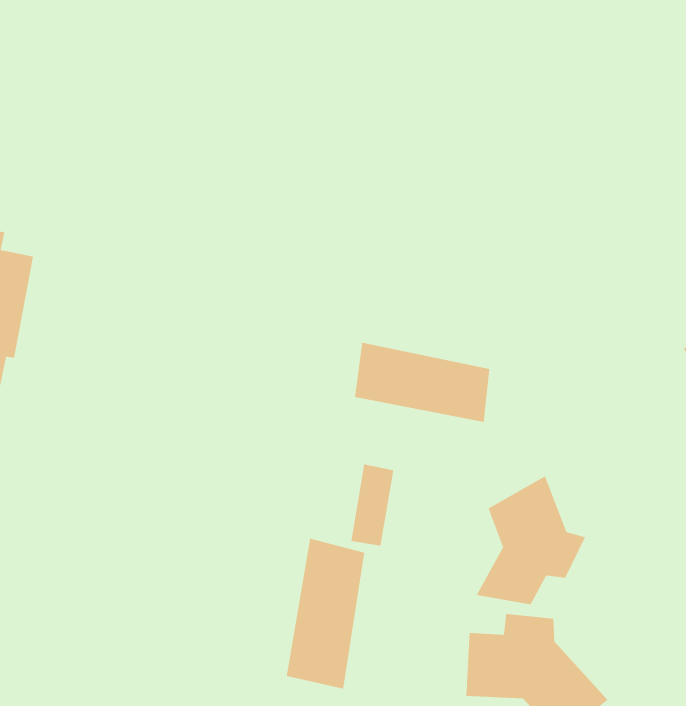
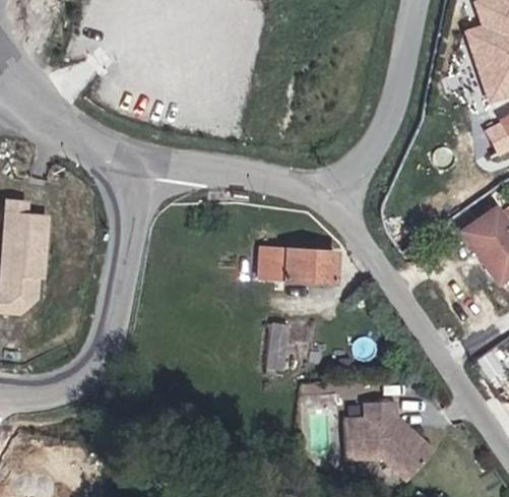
building: [476,476,586,605] -> none
building: [286,538,365,690] -> none

